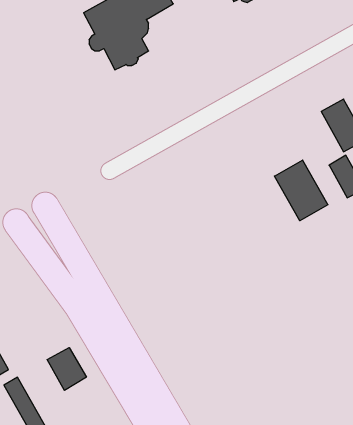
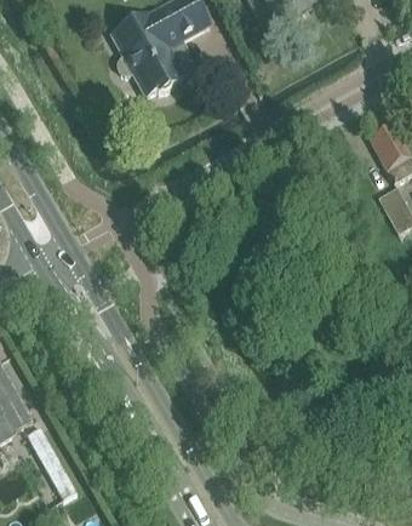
building: [274,160,328,221] -> none
building: [47,348,86,390] -> none

